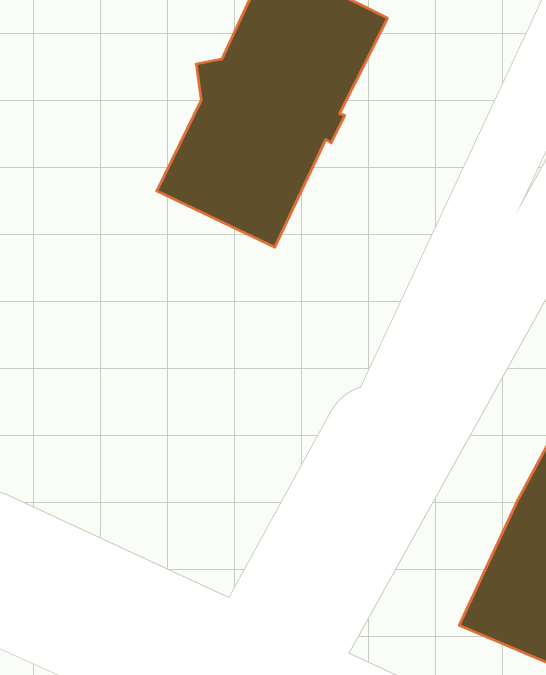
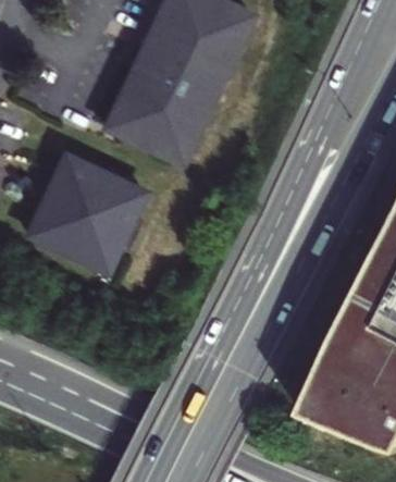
building: none -> [25,157,141,273]

